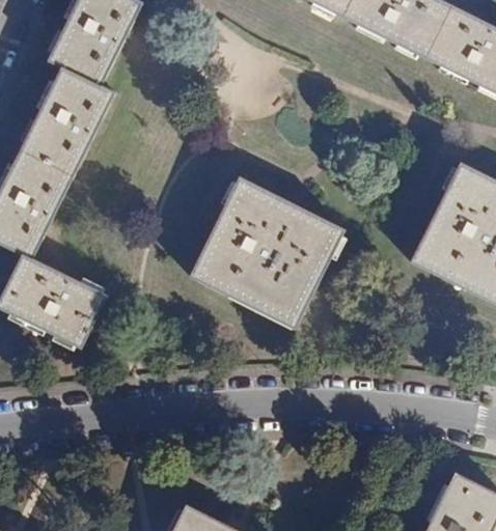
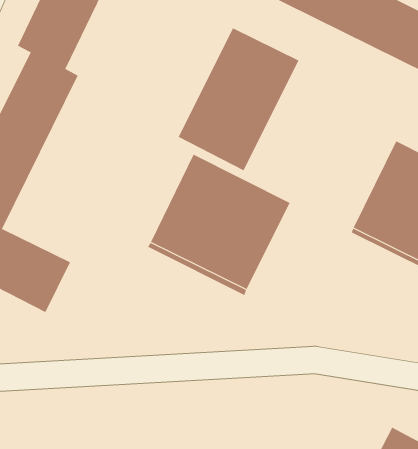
building: none -> [178,28,299,171]

